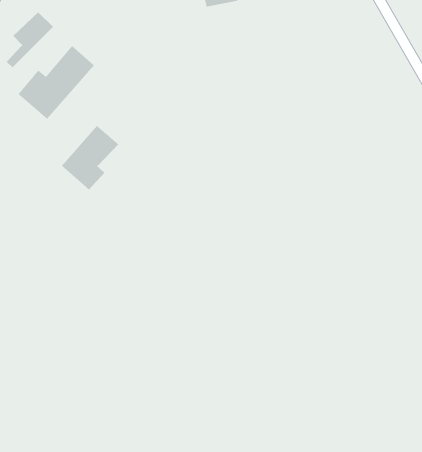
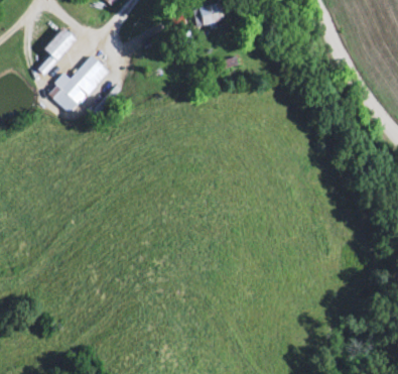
building: [61,125,119,191] -> none

